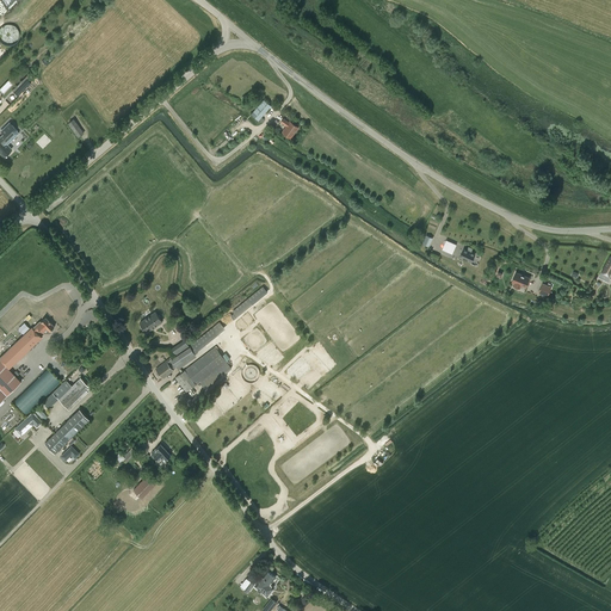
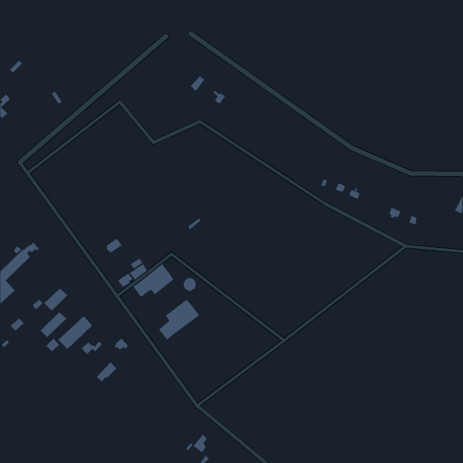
building: [13,369,60,414] -> [58,315,93,350]
building: none -> [158,299,200,340]

